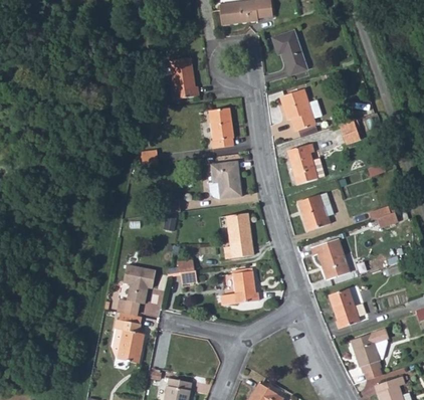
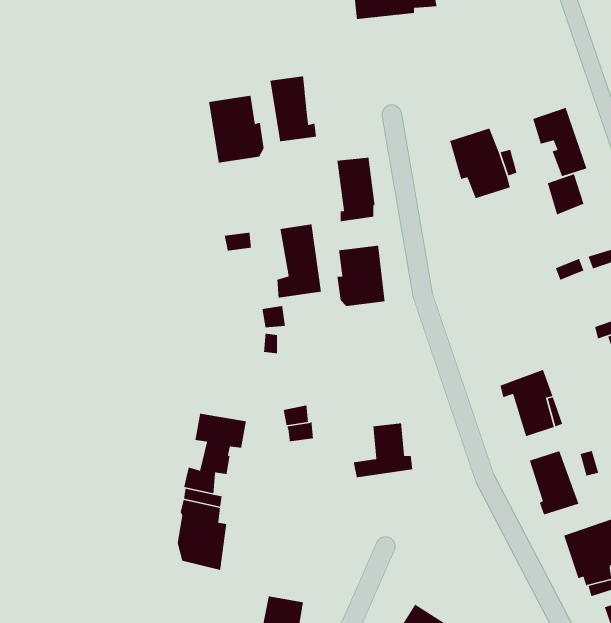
building: [272,30,306,73] -> [532,107,587,177]
building: none -> [208,95,264,164]
building: [287,143,325,184] -> none
building: [297,192,333,231] -> none
building: [224,213,252,259] -> [276,224,322,299]

